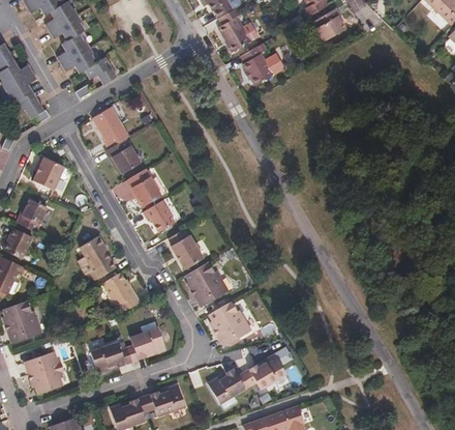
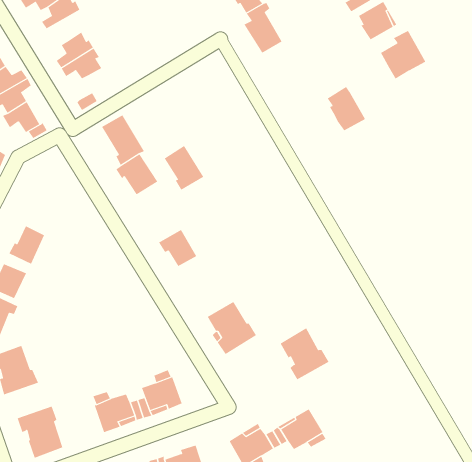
building: [49,15,84,41] -> none
building: none -> [380,30,426,80]
building: [239,47,272,85] -> [327,86,366,131]
building: [85,58,117,86] -> none
building: [34,155,66,191] -> none
building: [127,169,161,207] -> [164,145,204,190]
building: [171,230,203,269] -> none
building: [79,234,115,280] -> none
building: [101,274,140,313] -> none
building: [208,302,250,346] -> [280,328,330,380]

